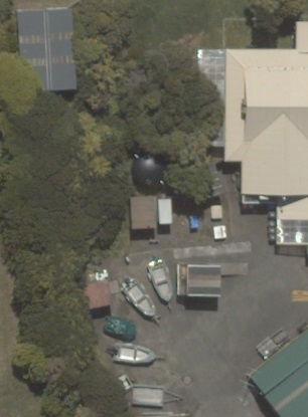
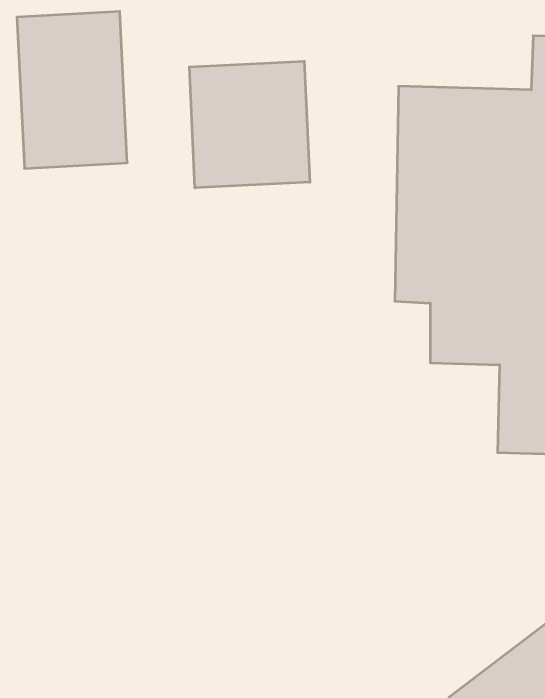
building: none -> [189,61,310,188]

